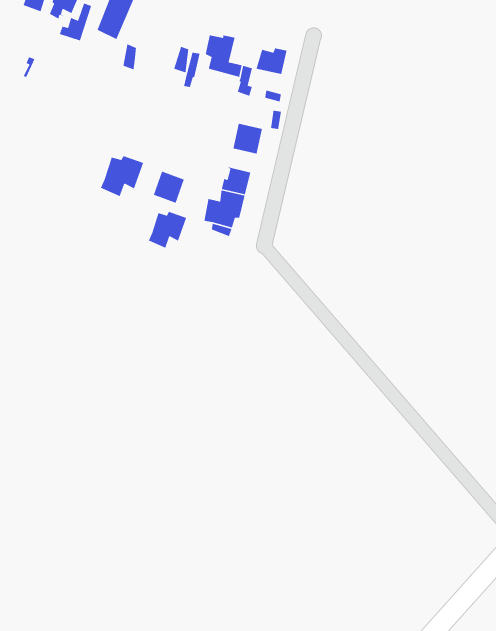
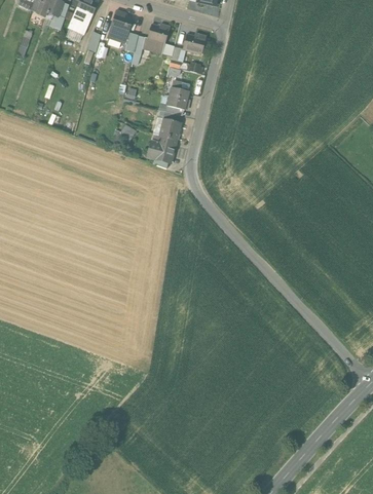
building: none -> [106,9,130,40]
building: [100,155,144,197] -> none
building: [148,211,187,249] -> none

